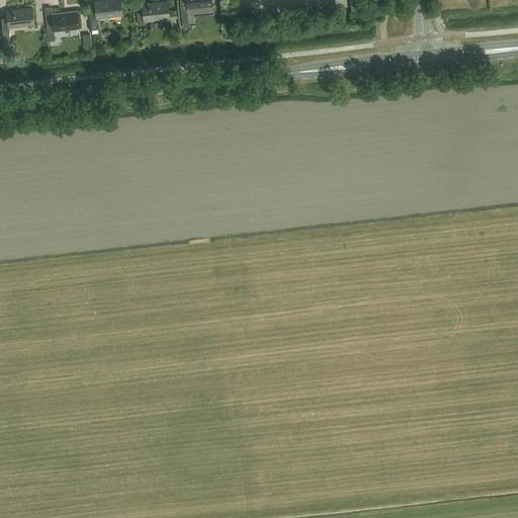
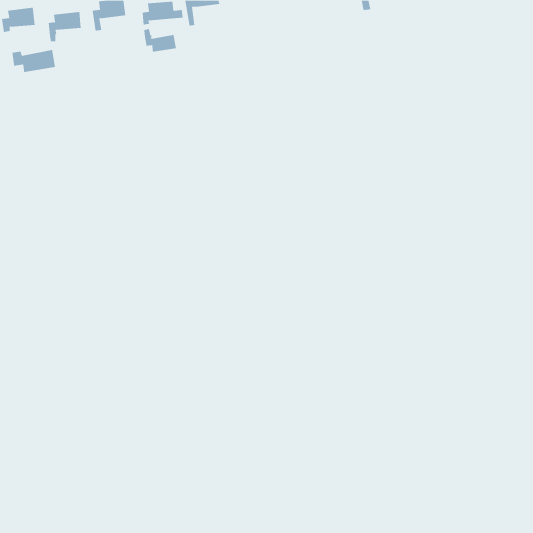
building: none -> [144,28,177,52]
building: none -> [12,49,56,73]

